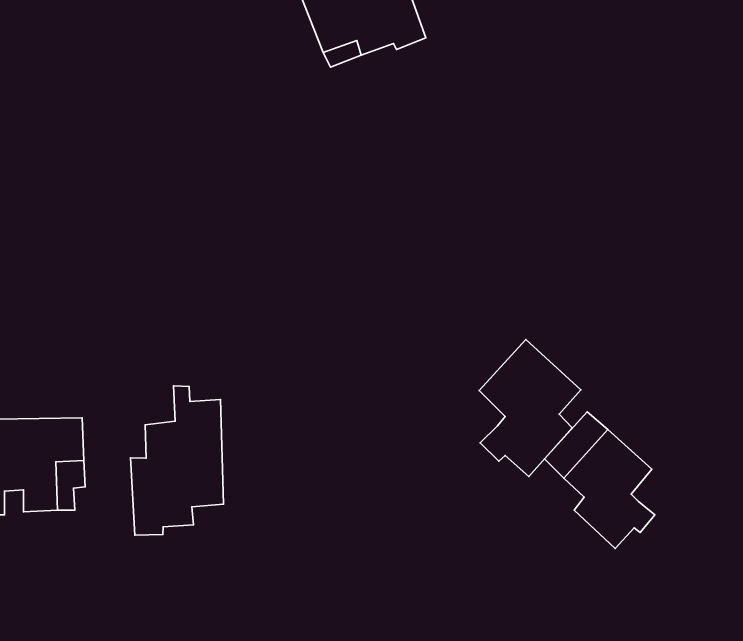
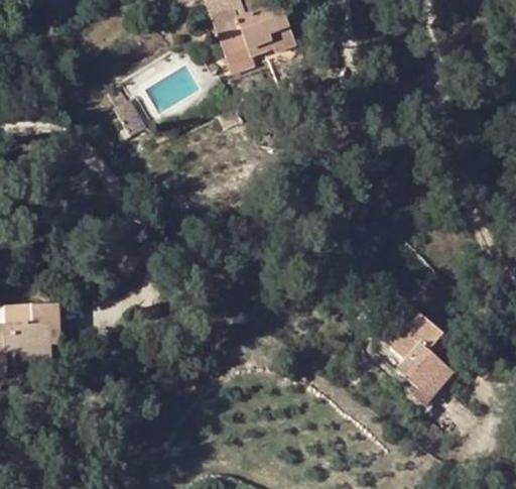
building: [479,340,581,477] -> none
building: [131,386,224,535] -> none

